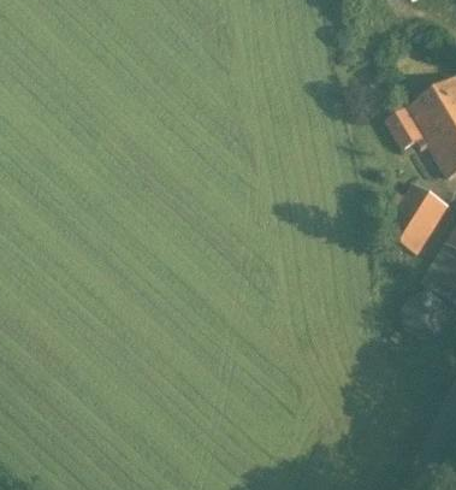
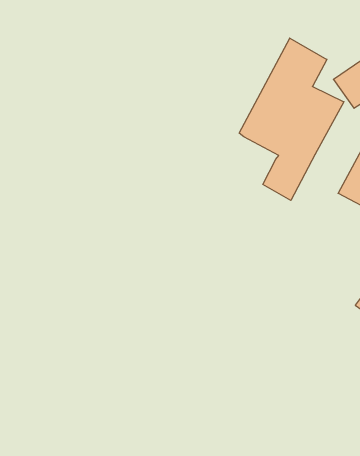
building: none -> [239,38,344,200]

